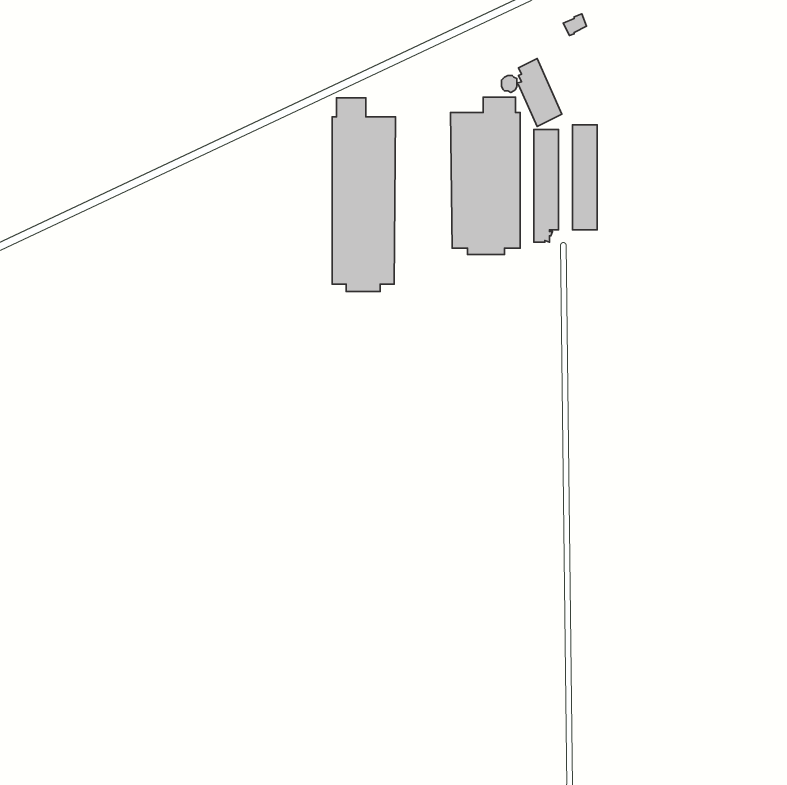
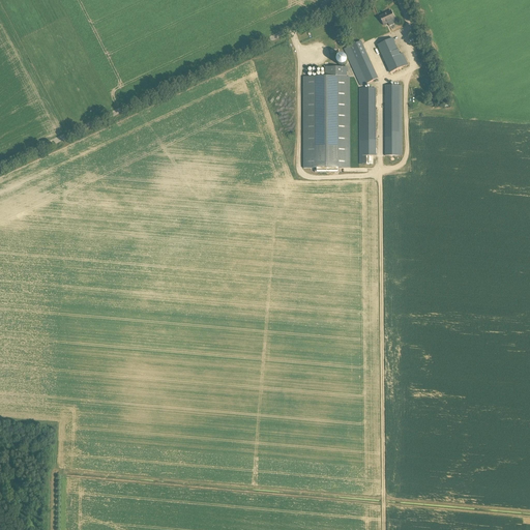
building: none -> [377,36,404,71]
building: [332,98,396,292] -> none

